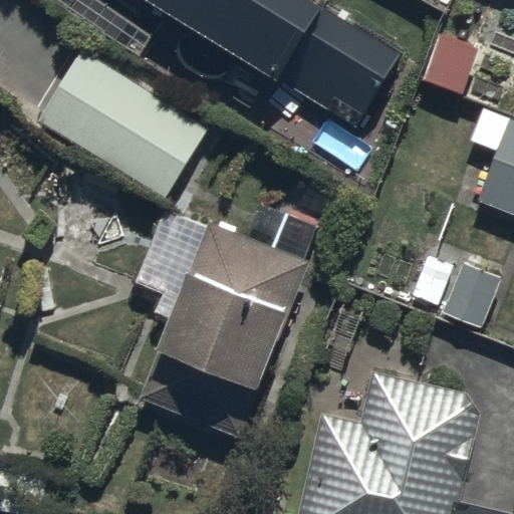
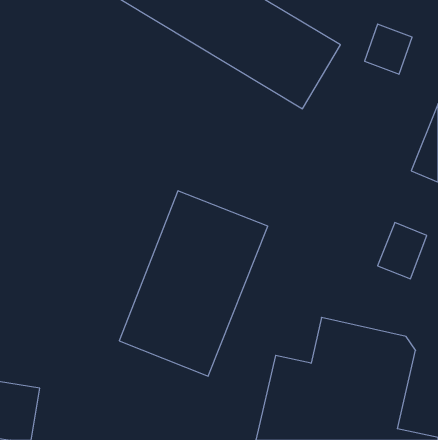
building: [35,47,210,200] -> none

